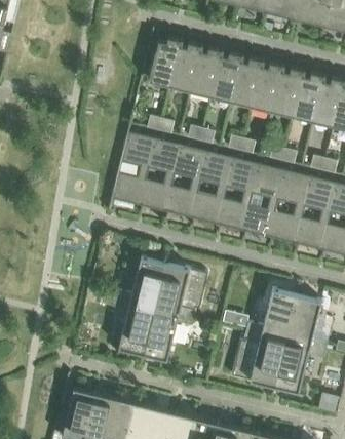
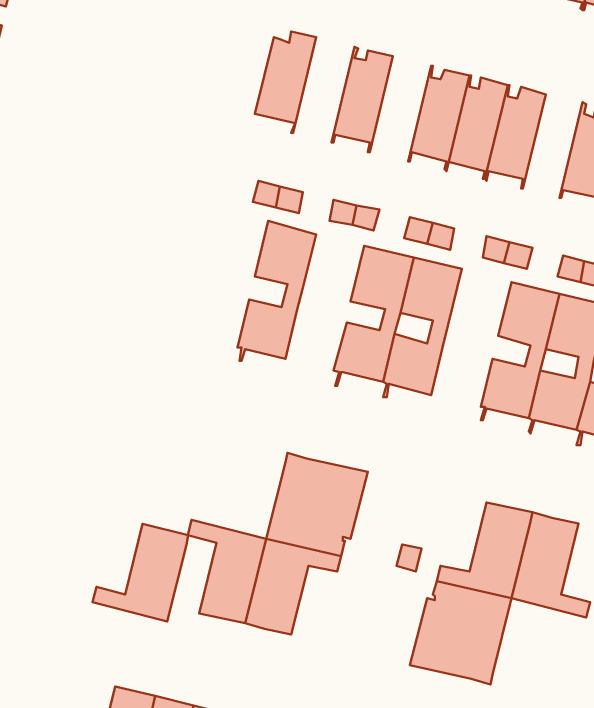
building: [167,39,200,95] -> none
building: [208,49,241,106] -> none
building: [291,70,322,125] -> none
building: [111,131,154,205] -> none
building: [163,145,205,220] -> none
building: [241,163,284,238] -> none
building: [113,255,164,308] -> [93,524,188,621]
building: [273,340,324,392] -> none

